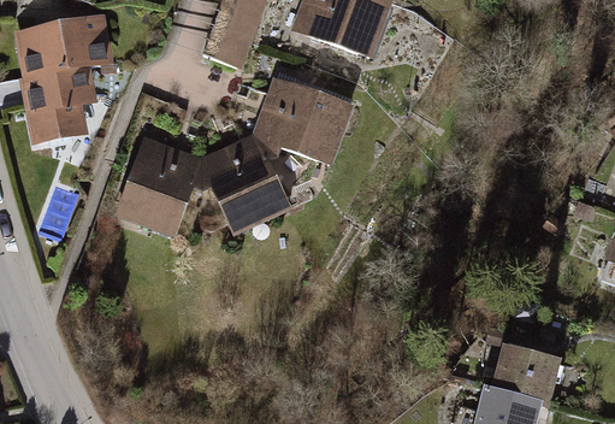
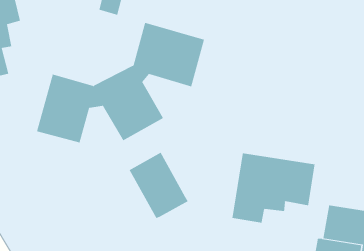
building: none -> [129,152,189,219]
building: none -> [232,152,315,223]

